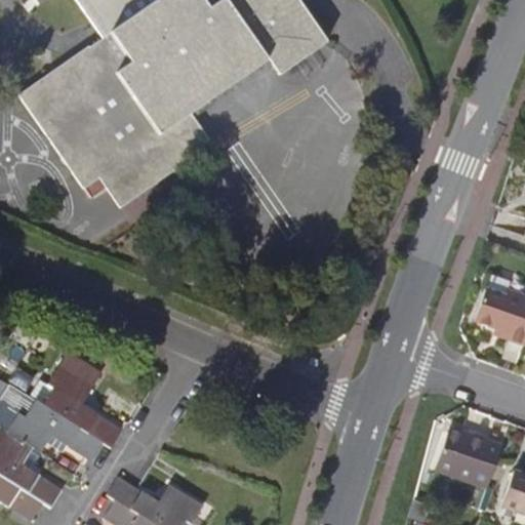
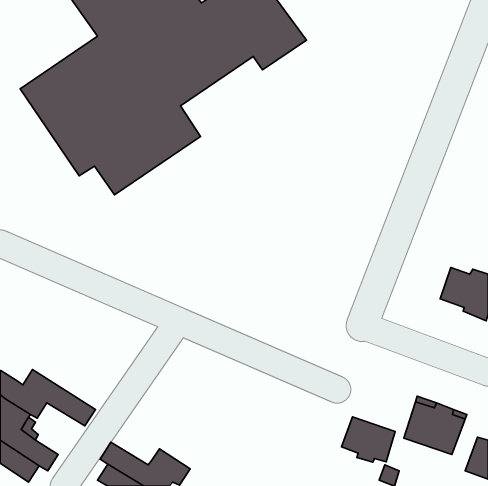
building: [29,350,123,445] -> none
building: none -> [341,417,395,462]

